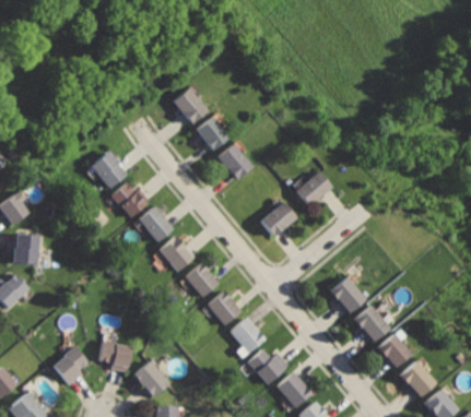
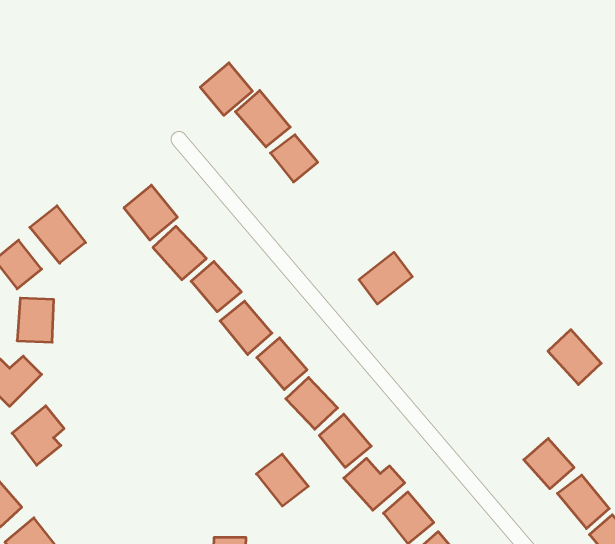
building: none -> [200,63,252,115]
building: [217,144,254,180] -> none
building: none -> [30,206,86,263]
building: [295,172,329,205] -> none
building: [329,276,366,313] -> none
building: [354,306,392,345] -> [548,330,601,385]
building: [98,339,130,374] -> none
building: [49,346,86,389] -> [12,406,64,465]
building: [132,360,169,397] -> [256,454,308,506]

